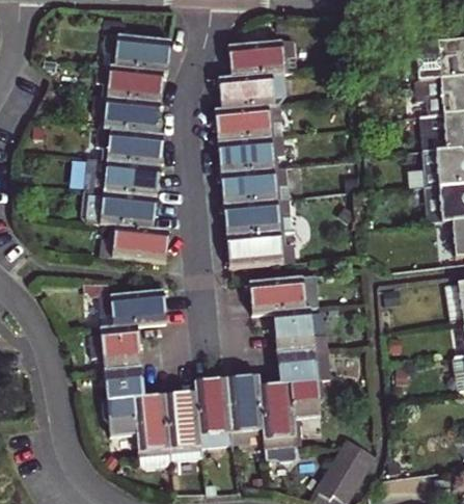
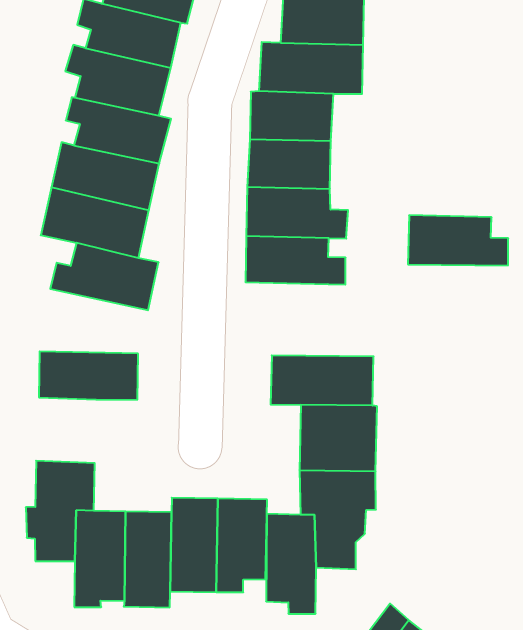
building: [226,231,295,268] -> [408,215,508,265]
building: [92,324,142,370] -> none

